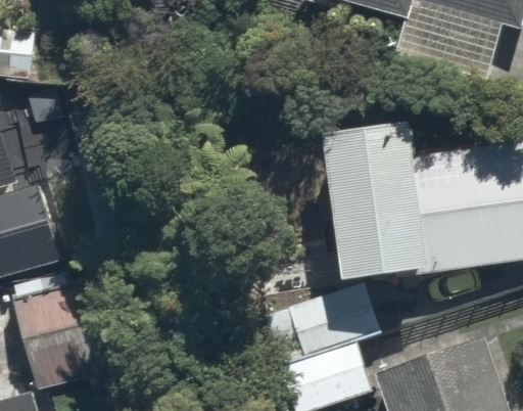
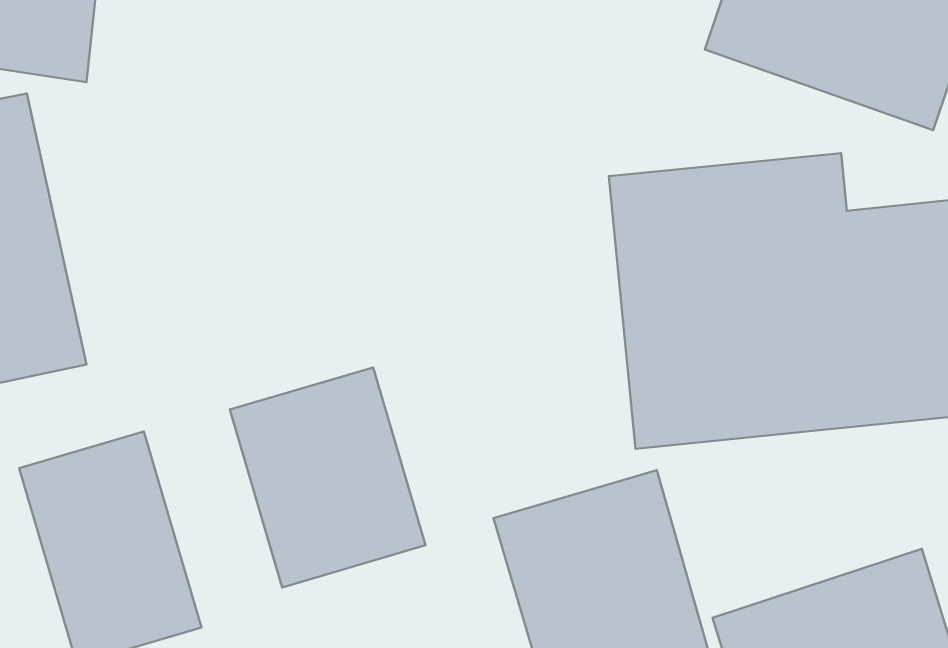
building: none -> [230,367,425,587]

